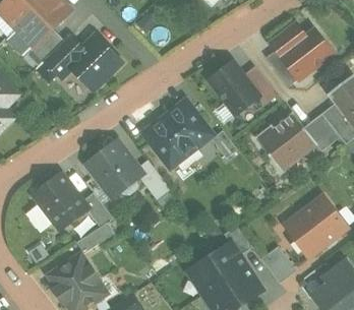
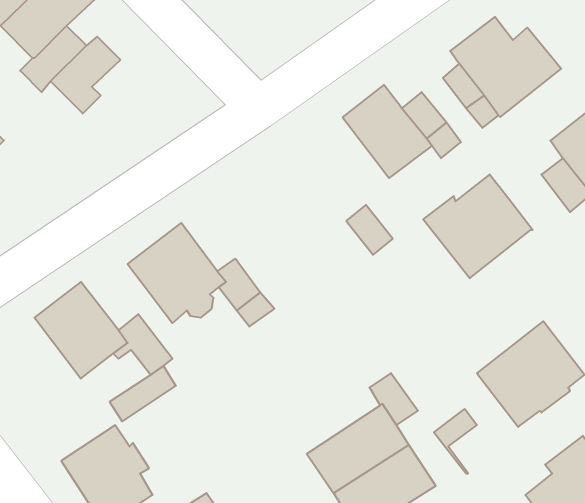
building: [67,35,122,90] -> none
building: [145,103,211,165] -> none
building: [304,113,341,151] -> none

